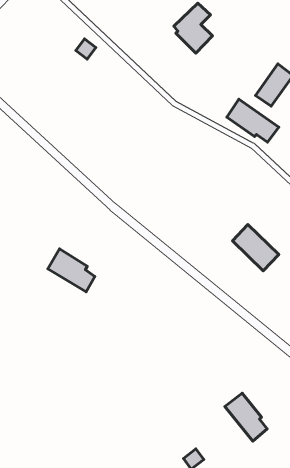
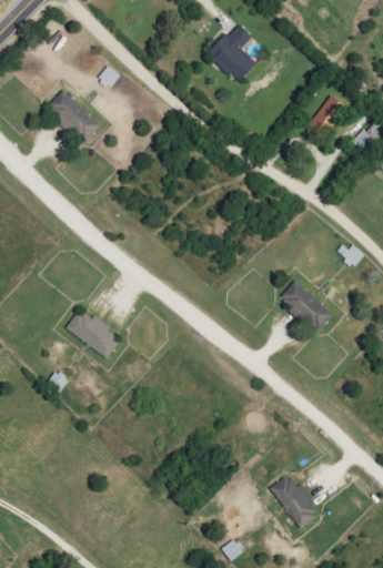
building: none -> [47,89,101,143]
building: [227,99,279,142] -> none

